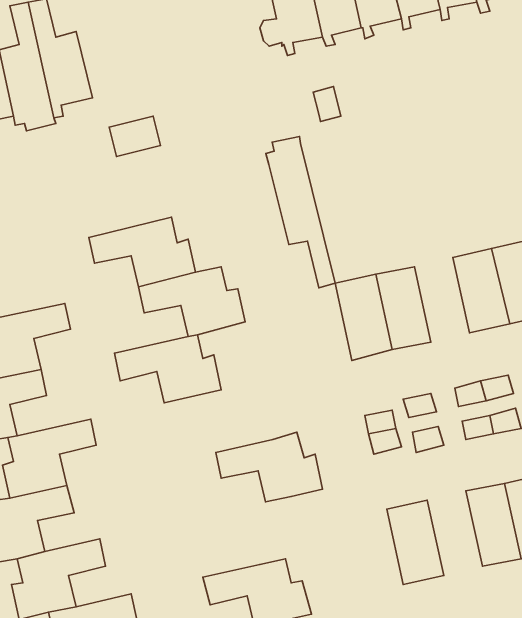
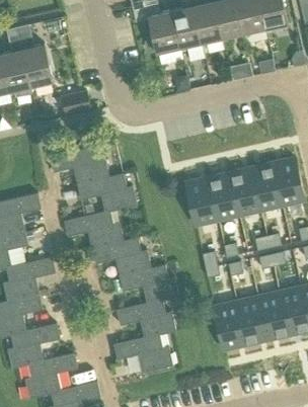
building: [266,136,335,288] -> none
building: none -> [230,169,260,216]
building: none -> [92,238,152,276]
building: none -> [237,298,267,344]
building: none -> [117,301,176,338]

